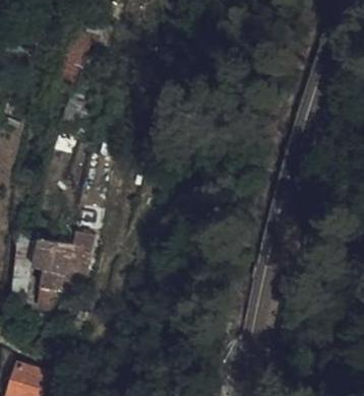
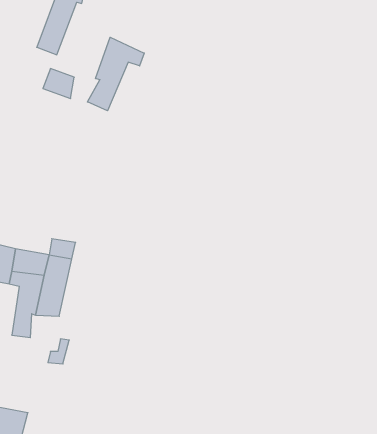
building: none -> [87,37,144,111]

